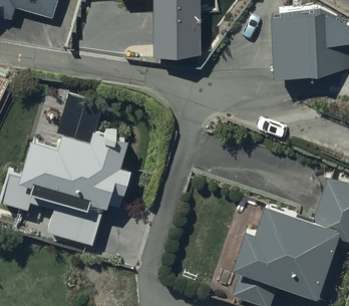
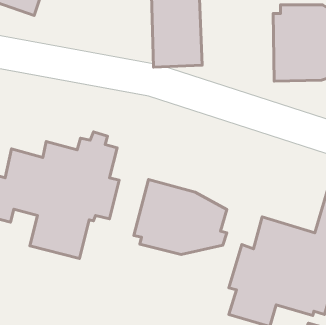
building: none -> [134,180,227,255]

